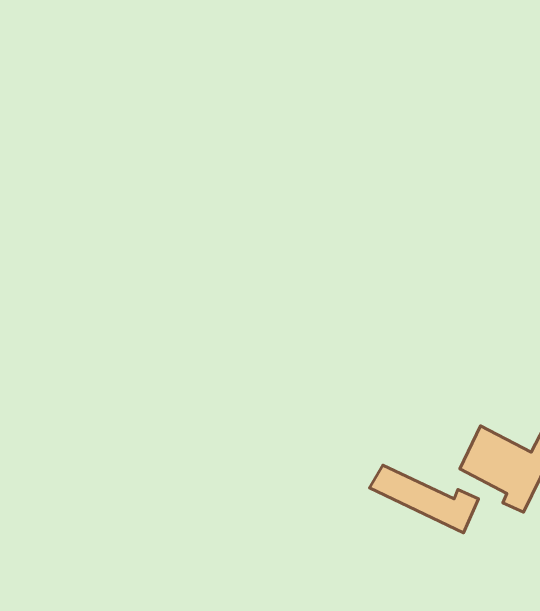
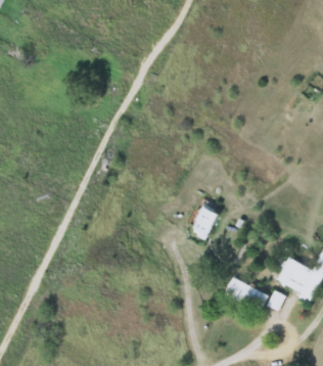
building: none -> [192,208,224,239]

